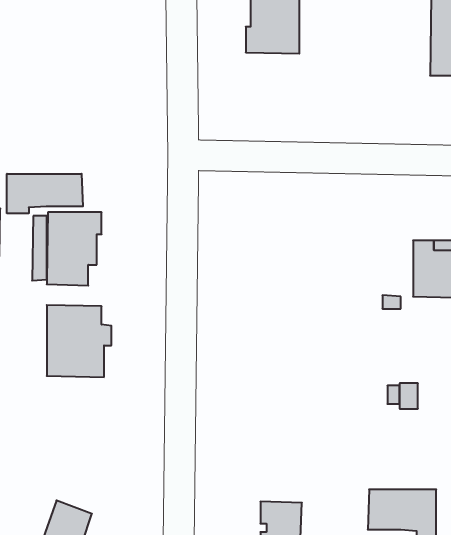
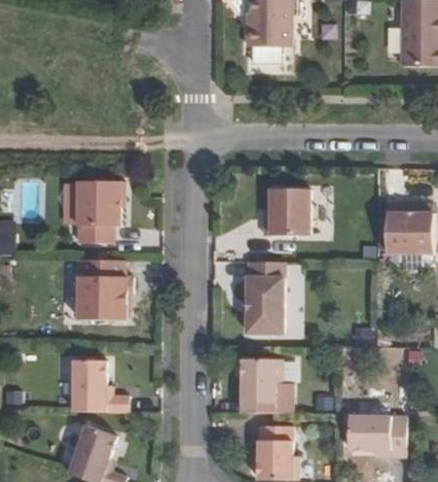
building: [7,174,83,213] -> none
building: none -> [262,190,309,236]
building: none -> [246,261,283,333]
building: none -> [241,358,281,413]
building: none -> [72,359,127,412]

